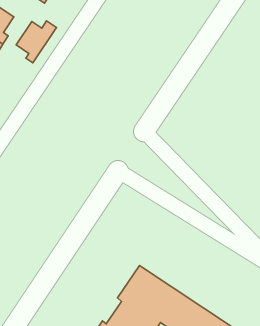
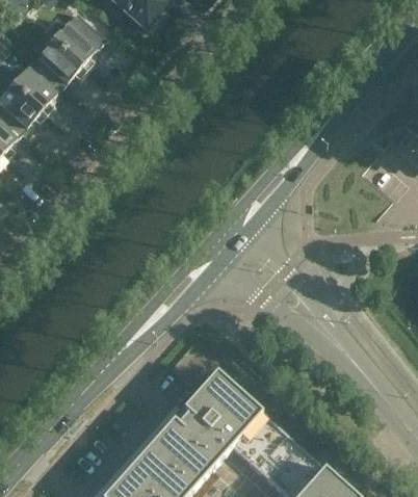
building: [16,21,56,63] -> none

